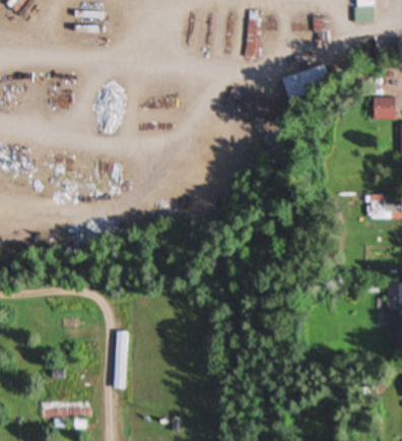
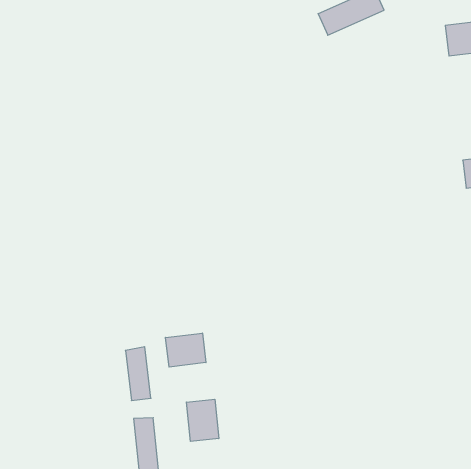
building: none -> [165,333,206,367]
building: none -> [186,399,219,441]

